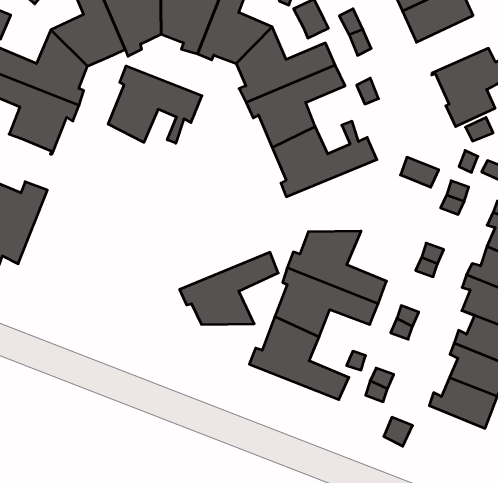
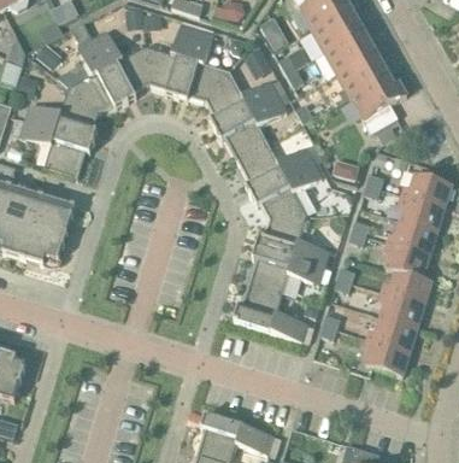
building: none -> [336,51,389,95]
building: [108,66,202,143] -> none
building: [180,252,278,324] -> [251,162,322,218]
building: none -> [365,338,410,375]

